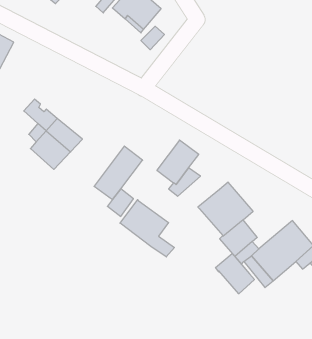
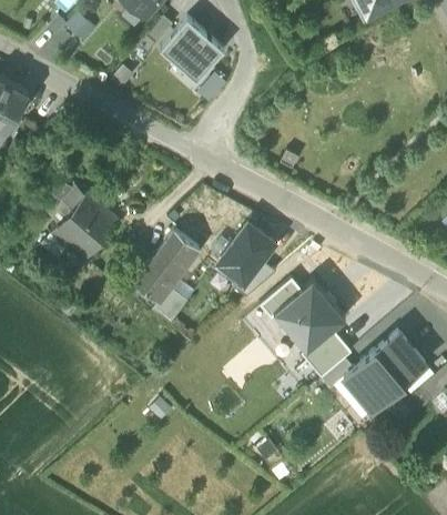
building: none -> [260,277,302,319]
building: [120,200,174,257] -> none
building: [216,253,254,294] -> none

